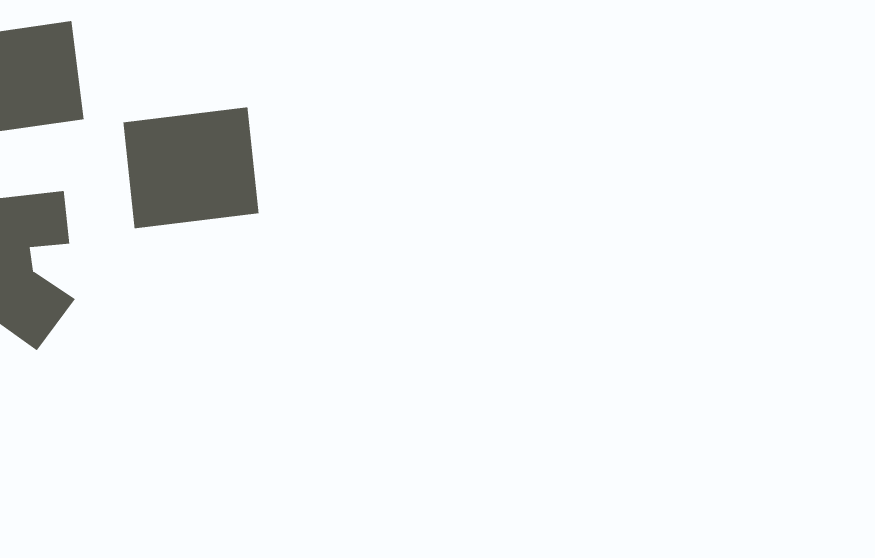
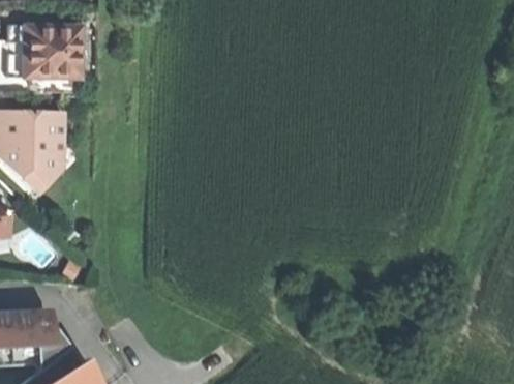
building: [123,107,259,229] -> none

